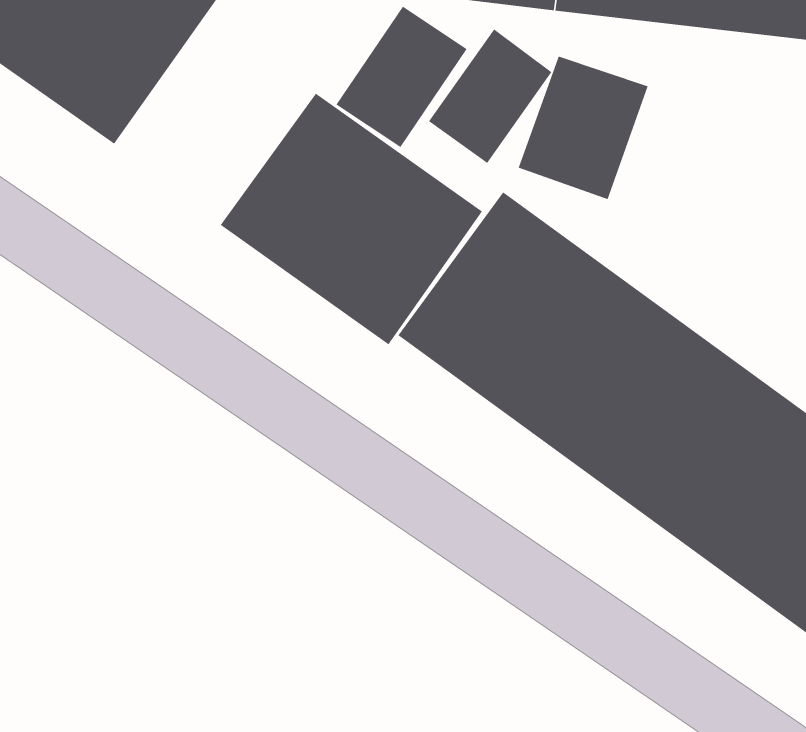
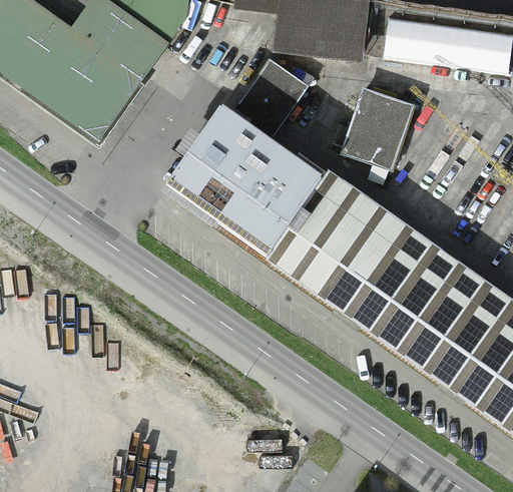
building: [428,29,552,164] -> none

